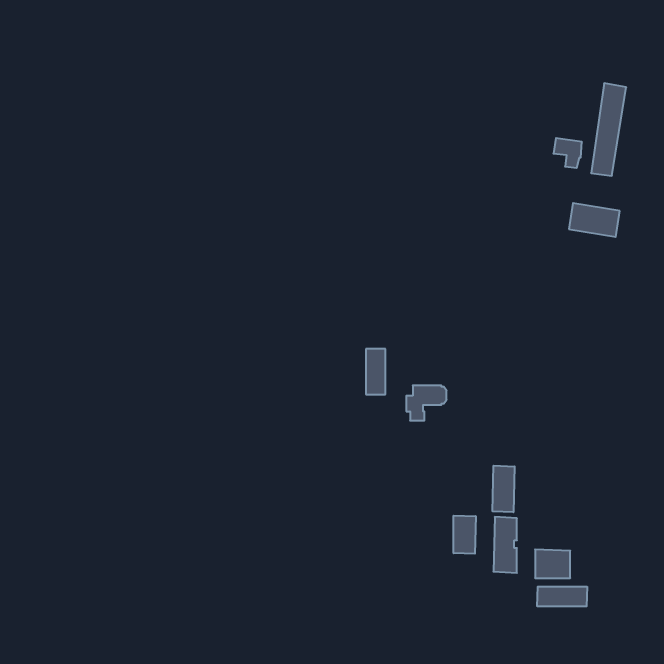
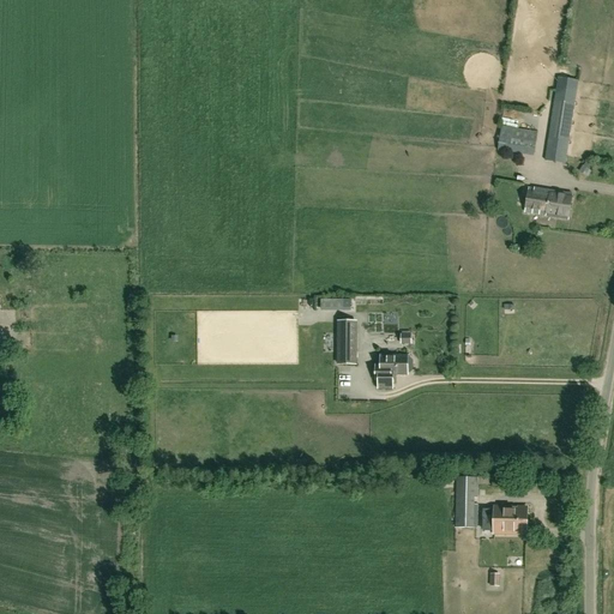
building: [493,466,515,512] -> none
building: [454,516,476,554] -> none
building: [537,587,587,606] -> none

